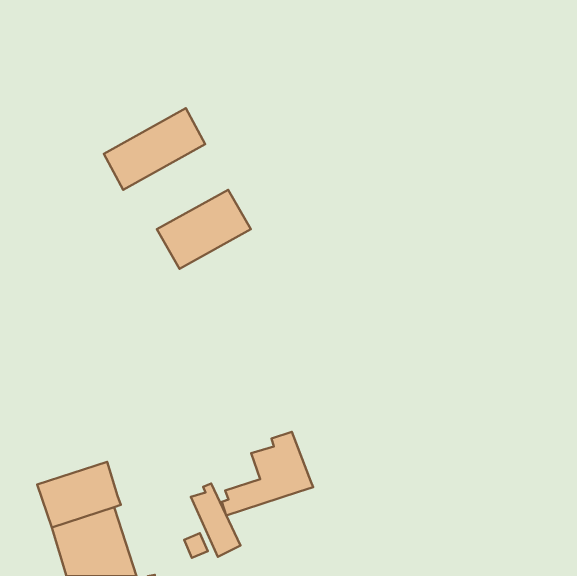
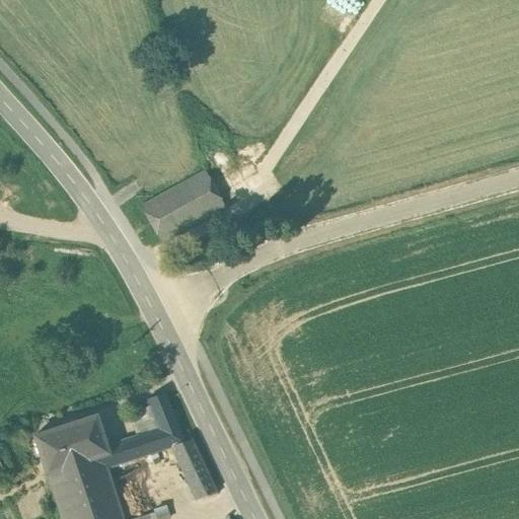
building: [104,108,205,190] -> none
building: [222,432,313,515] -> [102,392,184,467]

